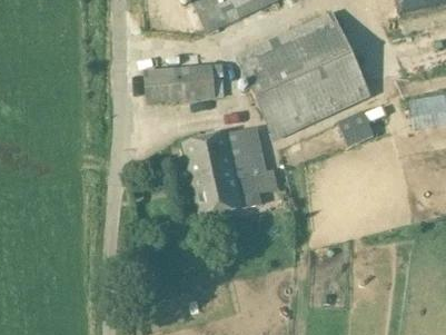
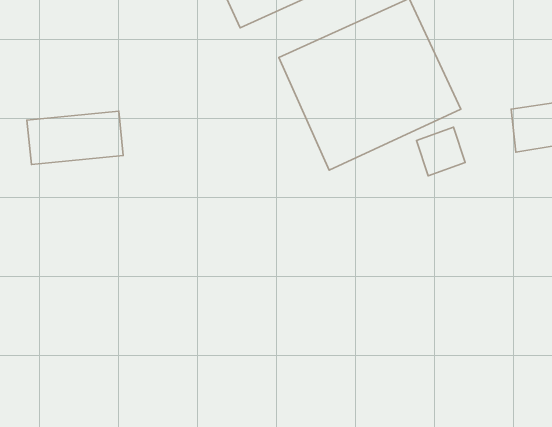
building: [145,63,217,104] -> [27,111,123,164]
building: [184,127,279,218] -> none

